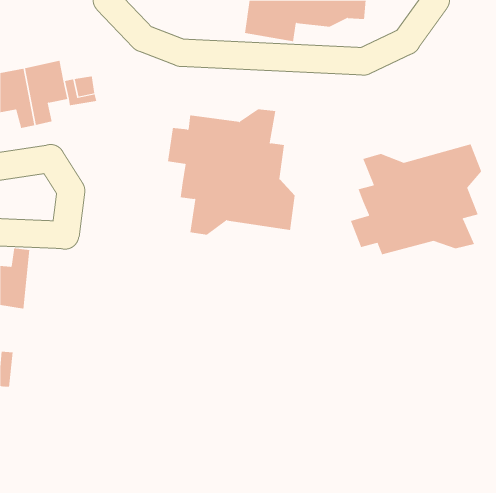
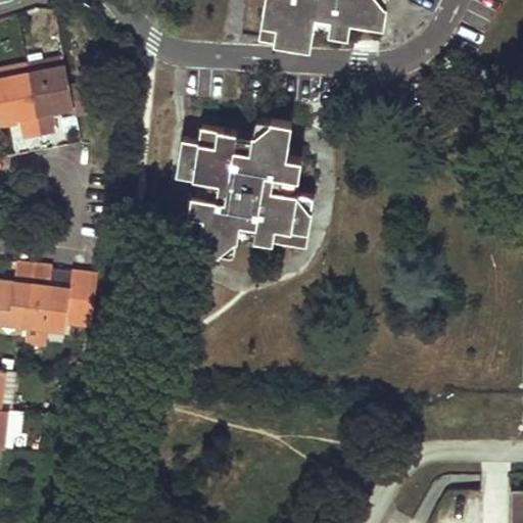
building: [350,144,482,255] -> none
building: none -> [23,267,95,343]

